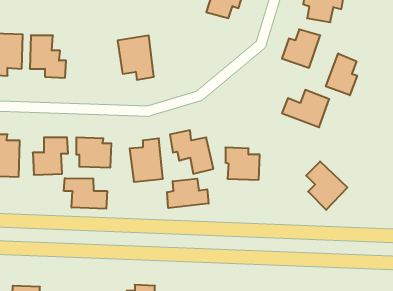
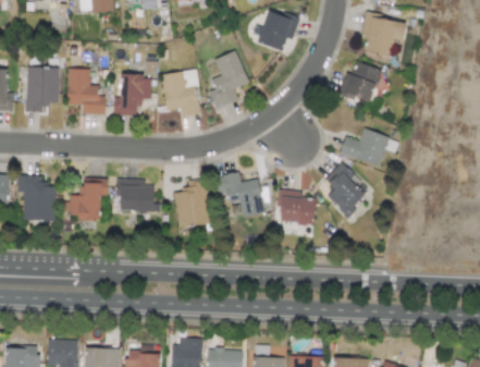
building: none -> [209,51,248,108]
building: none -> [114,74,151,115]
building: [326,53,357,95] -> none
building: [306,161,347,210] -> [324,163,369,216]
building: [64,178,107,209] -> none
building: [167,179,209,208] -> none

